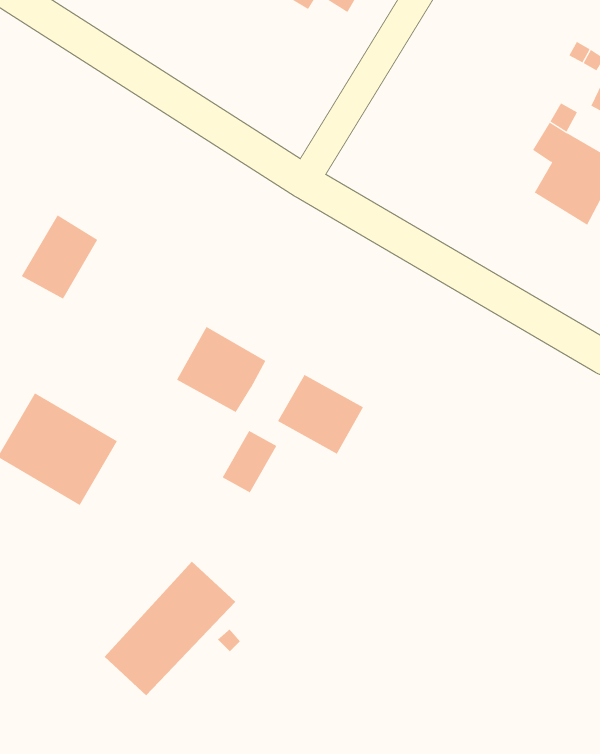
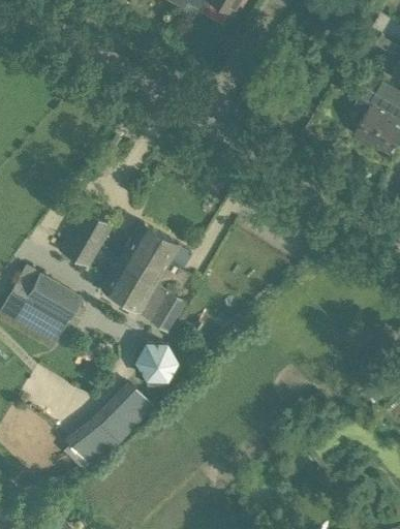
building: [21,215,98,300] -> [59,213,110,269]
building: [277,374,364,454] -> [101,259,158,312]
building: none -> [136,345,178,381]

